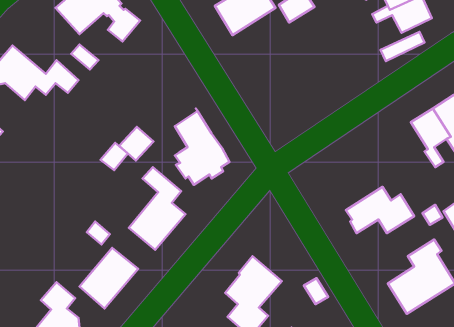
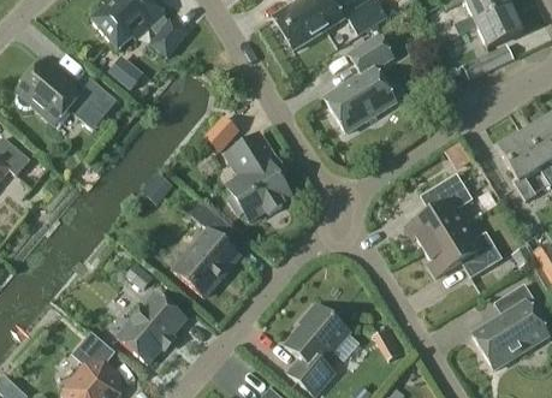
building: none -> [324,35,396,132]
building: [119,127,154,161] -> [200,113,239,152]
building: none -> [405,173,473,250]

